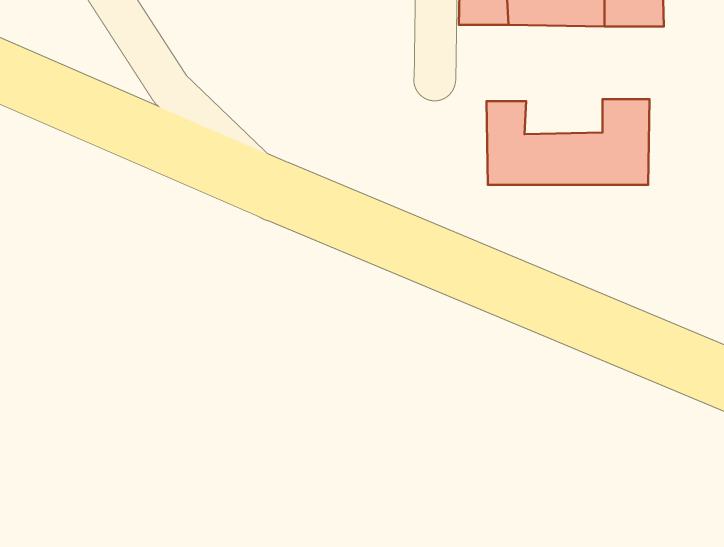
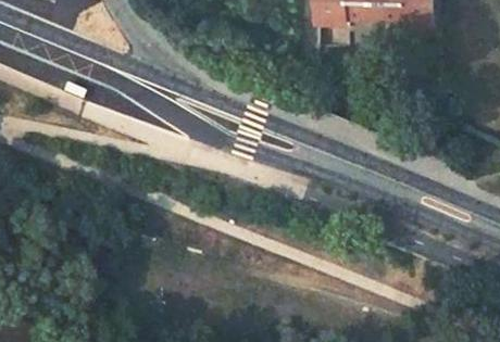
building: [486,99,650,185] -> none

